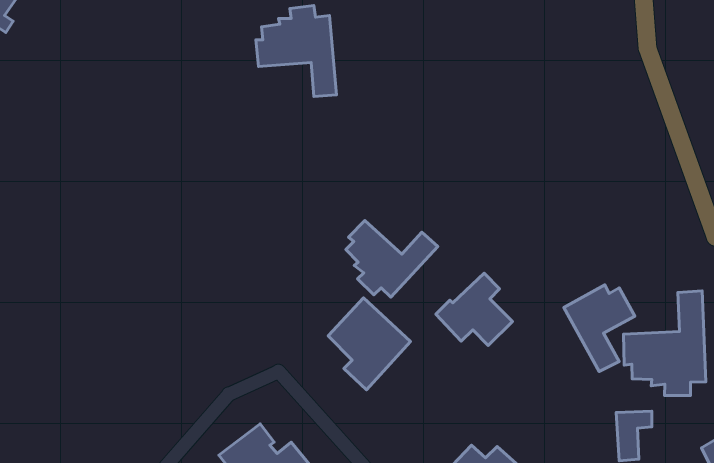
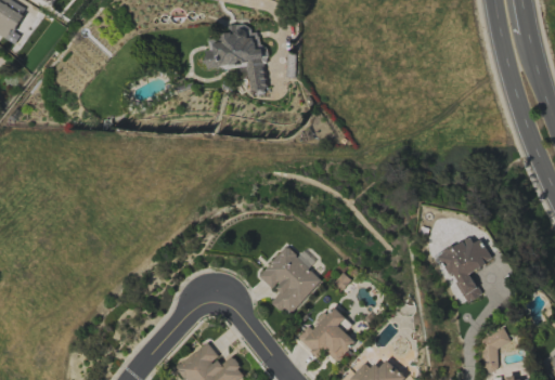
building: [346,220,438,297] -> none
building: [436,273,512,345] -> [298,306,357,362]
building: [623,291,706,396] -> none

